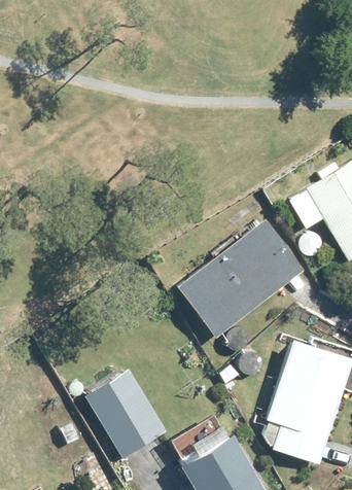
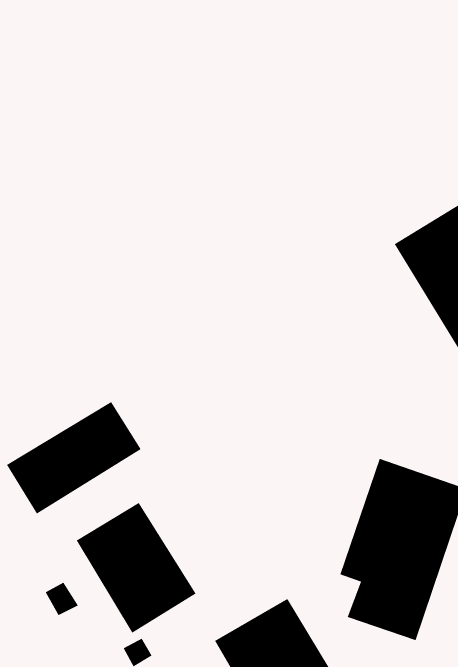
building: [176,218,305,339] -> none
building: none -> [6,401,141,515]

